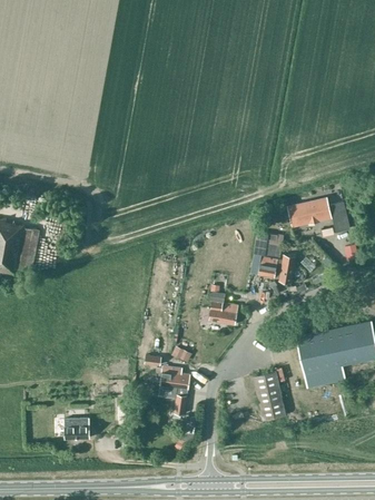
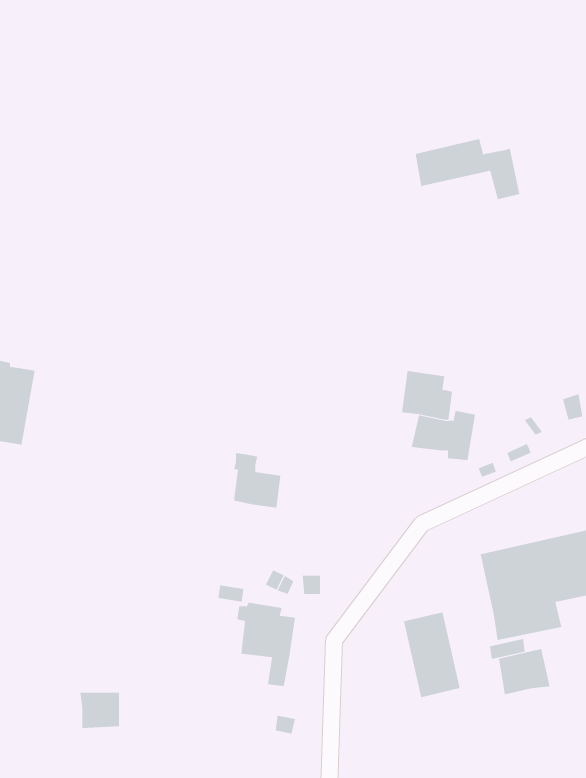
building: [288,197,349,233] -> [415,139,520,200]
building: [209,293,237,325] -> [233,453,281,508]
building: none -> [499,648,550,695]

